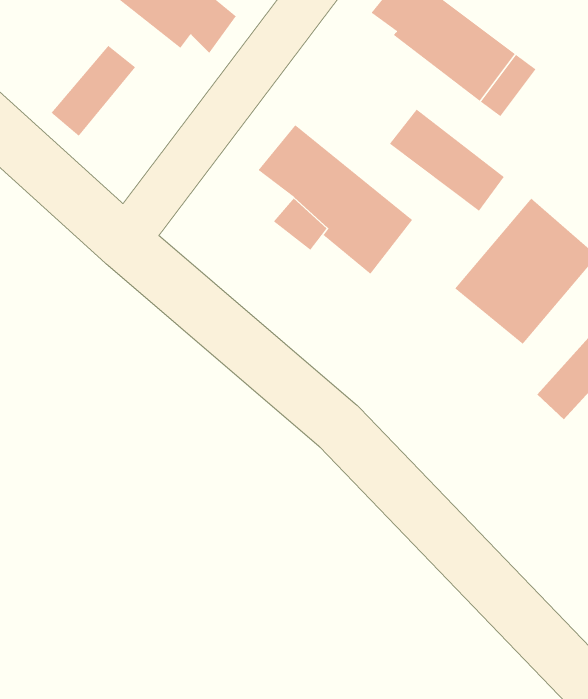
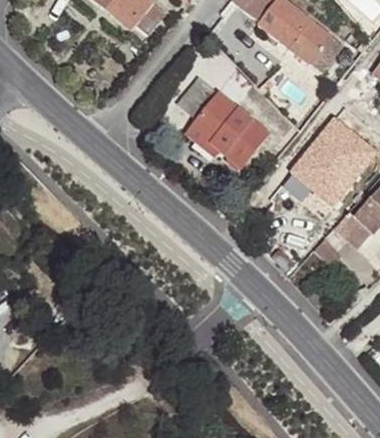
building: [51,45,136,137] -> none
building: [389,109,505,212] -> none

